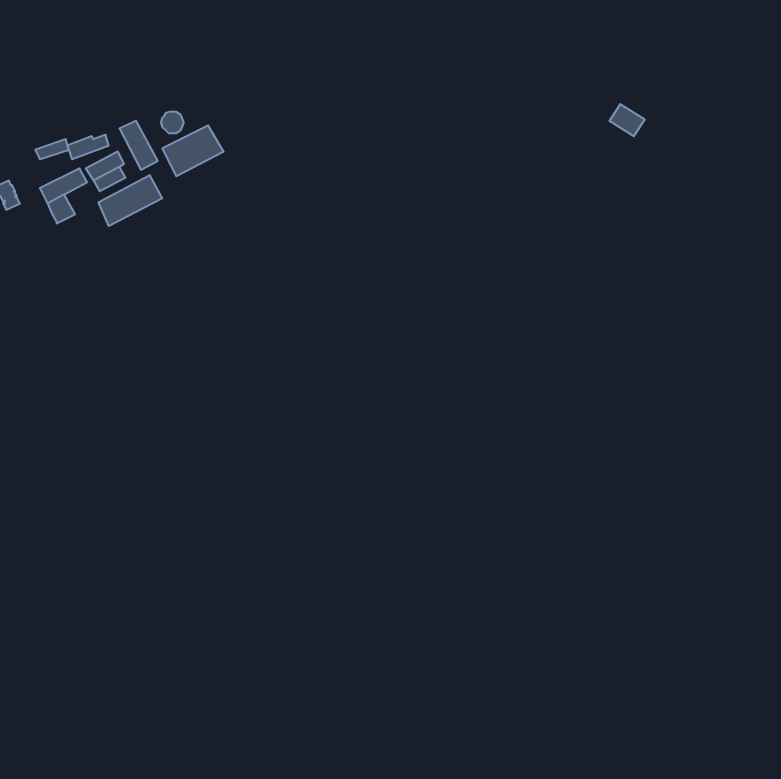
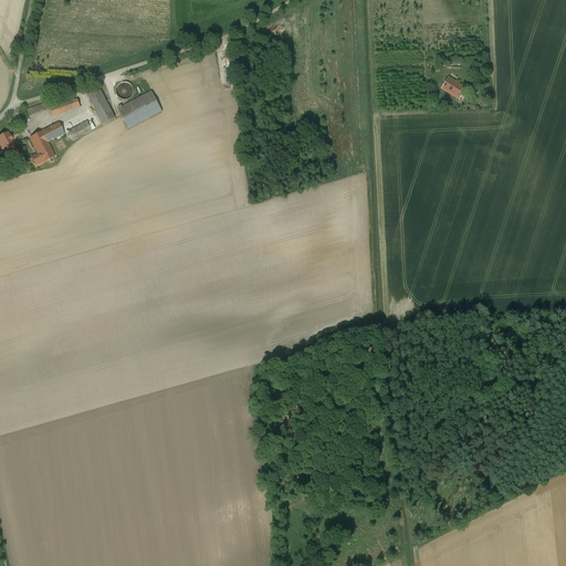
building: [99,175,162,226] -> none

